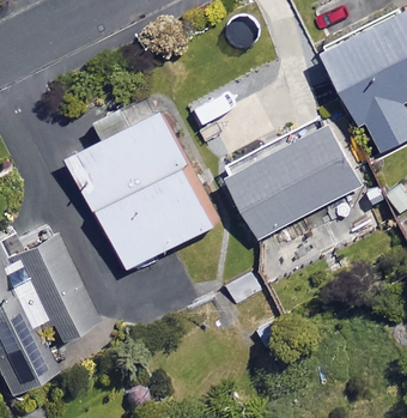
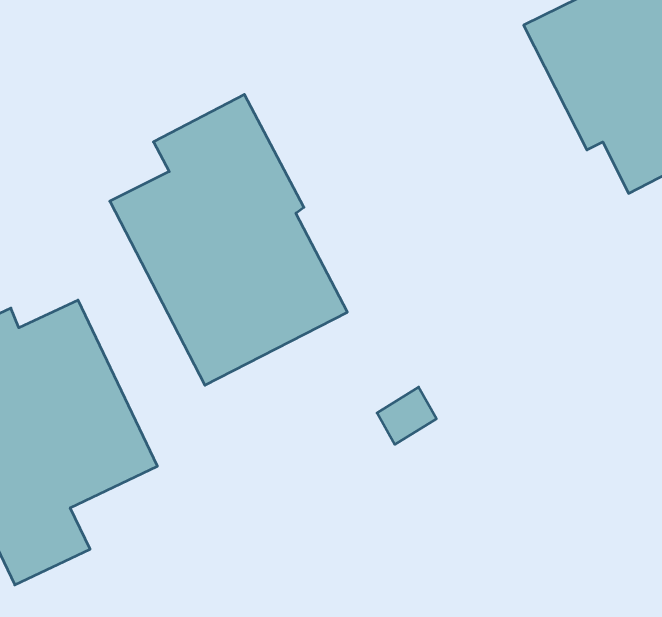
building: [221,120,358,242] -> none

